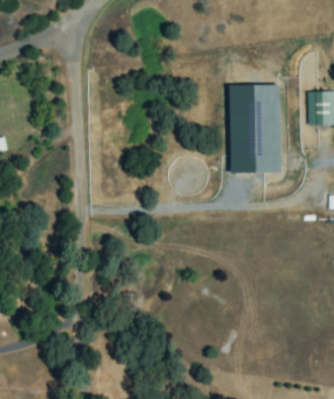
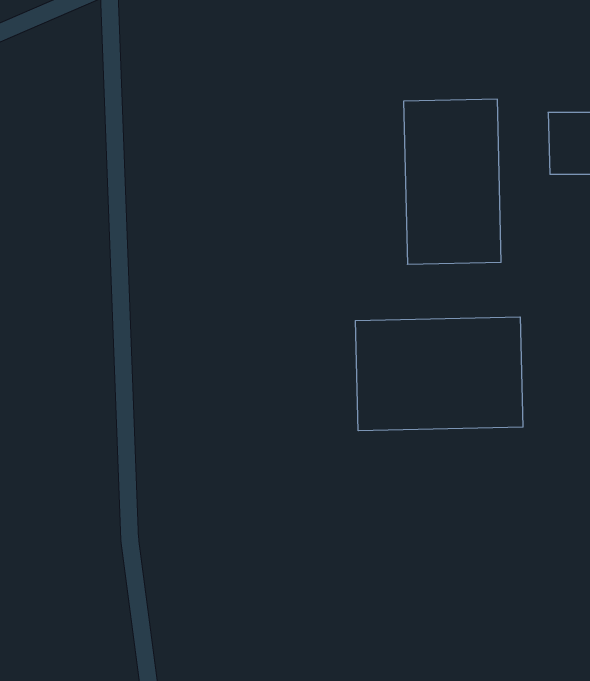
building: none -> [355,317,523,431]

